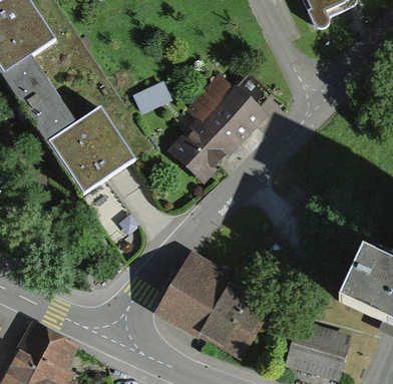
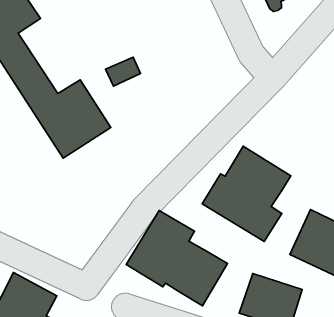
building: [168,73,272,180] -> none
building: none -> [202,146,291,241]

